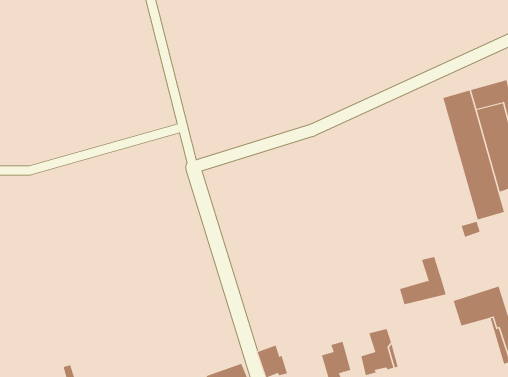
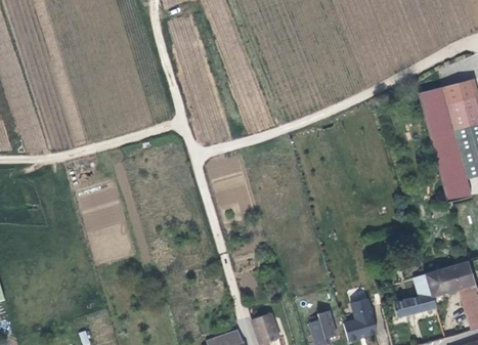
building: [399,256,446,305] -> [394,274,436,317]

